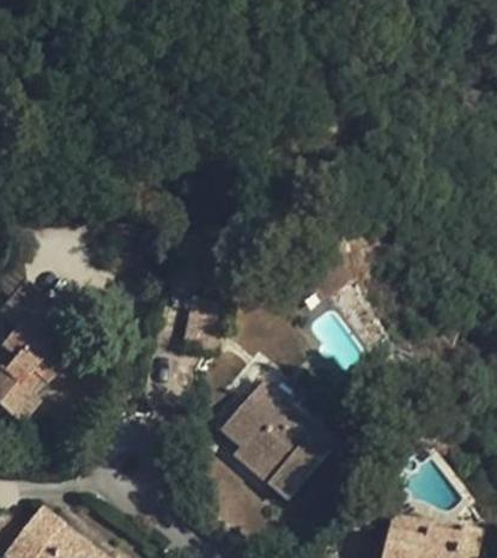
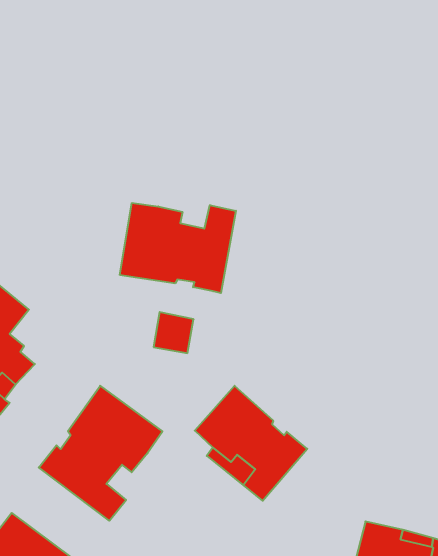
building: none -> [120,203,236,293]
building: none -> [39,386,162,521]

